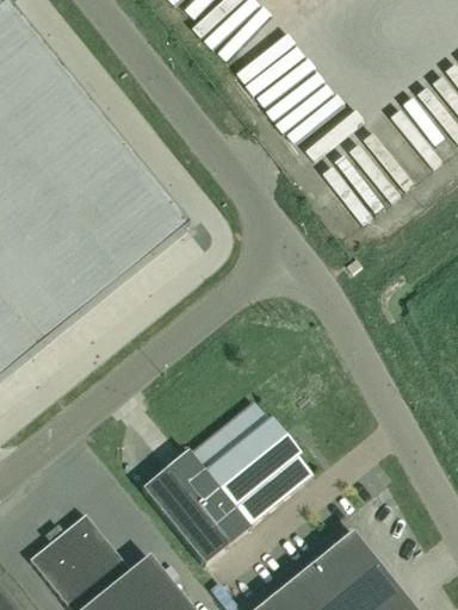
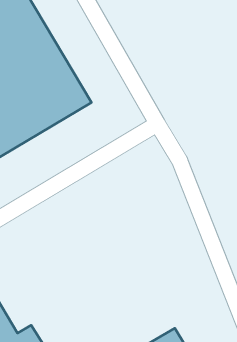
building: [141,399,311,562] -> none

